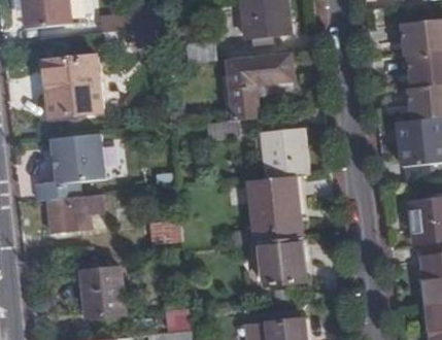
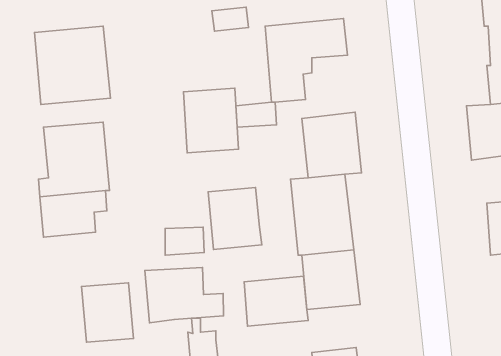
building: none -> [183,88,239,153]
building: none -> [208,187,262,249]
building: none -> [145,268,224,323]
building: none -> [244,276,308,326]

